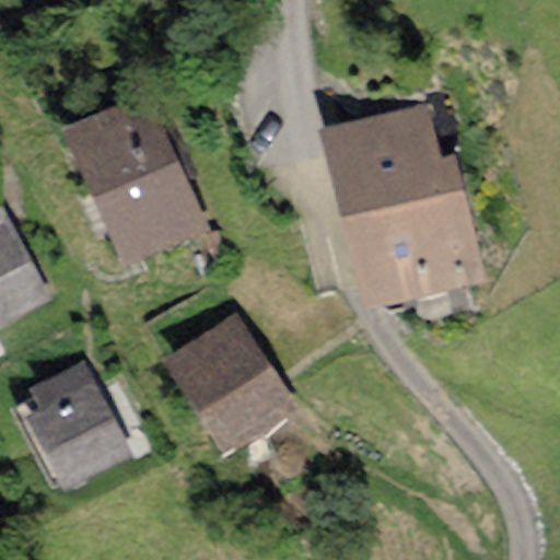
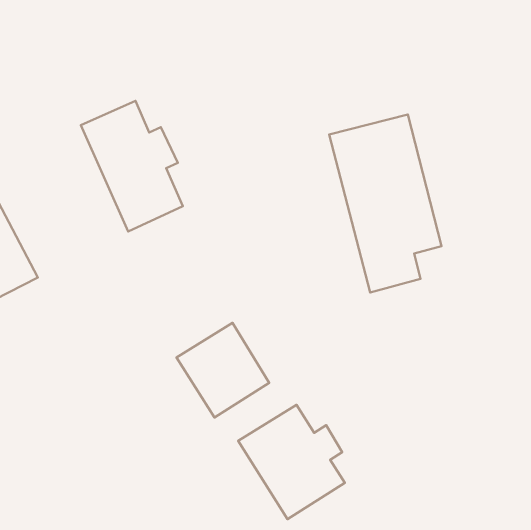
building: [30,366,121,471] -> none
building: none -> [238,405,345,519]

